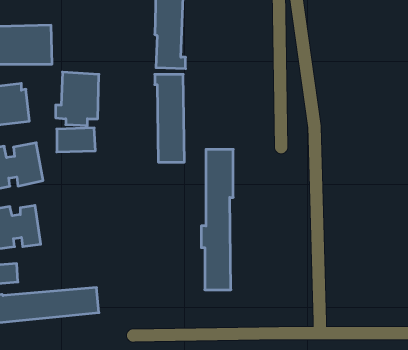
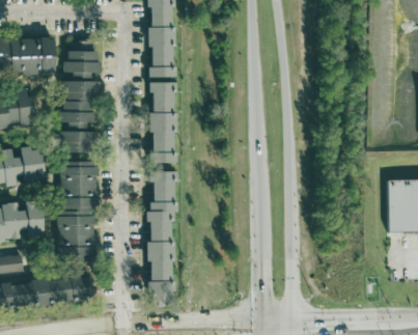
building: none -> [61,40,100,79]
building: [201,149,233,290] -> [145,171,174,299]
building: none -> [58,161,94,260]

